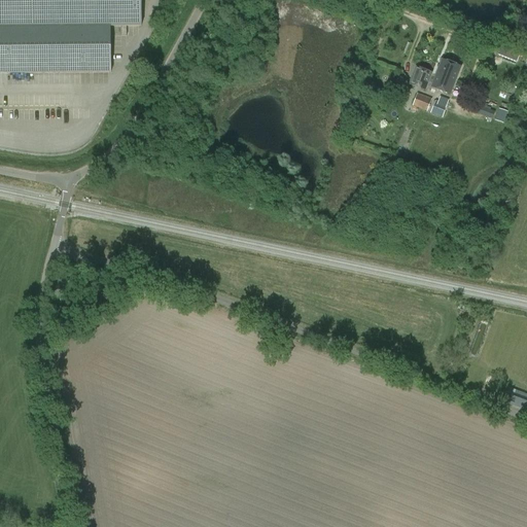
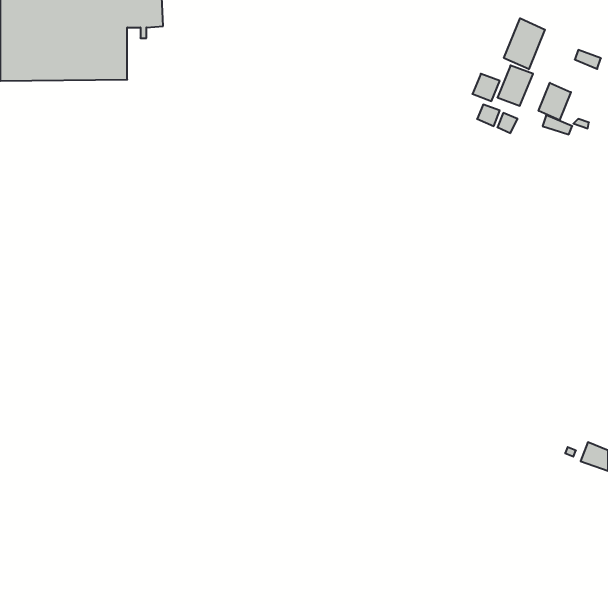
building: none -> [504,18,545,69]
building: none -> [539,83,571,120]

